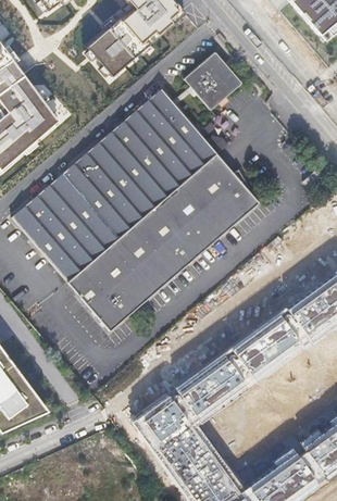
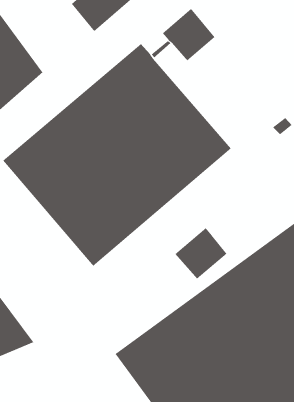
building: none -> [174,227,227,279]

